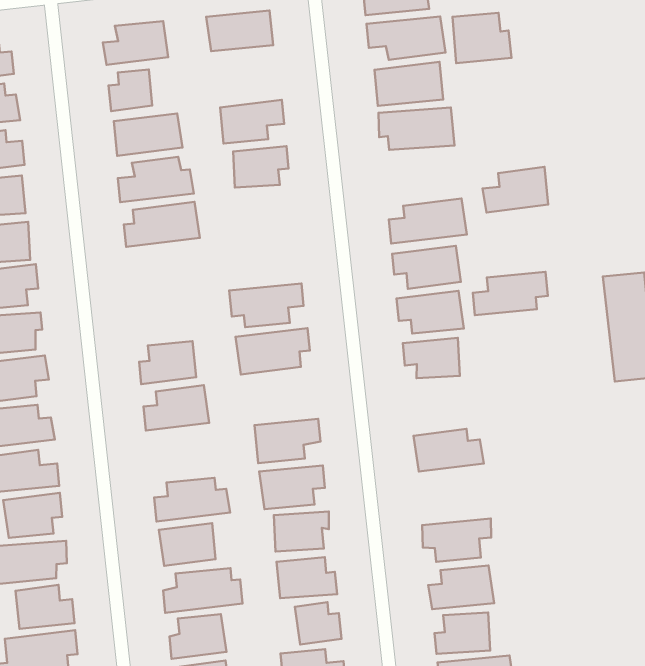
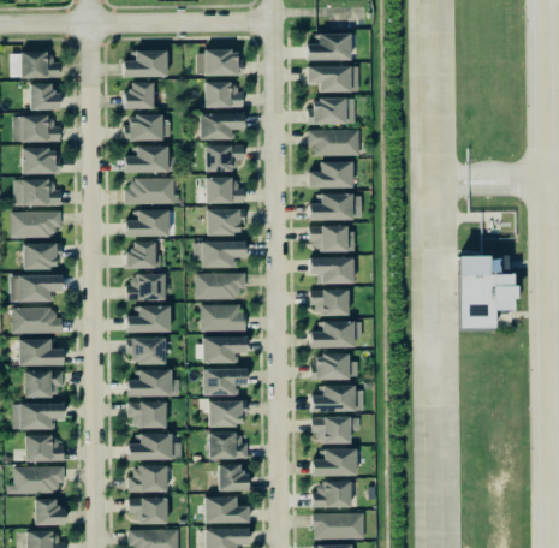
building: [452,13,511,63] -> none
building: none -> [204,82,243,108]
building: [482,167,548,212] -> [308,161,352,189]
building: none -> [206,178,244,203]
building: none -> [207,208,243,236]
building: none -> [125,210,170,237]
building: [473,272,548,315] -> [310,322,362,347]
building: none -> [125,242,162,268]
building: none -> [201,304,244,332]
building: none -> [129,338,165,364]
building: none -> [310,386,363,412]

